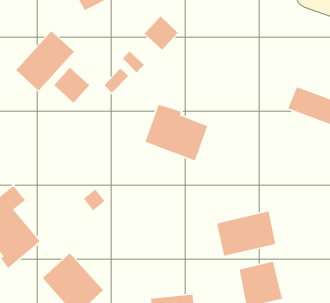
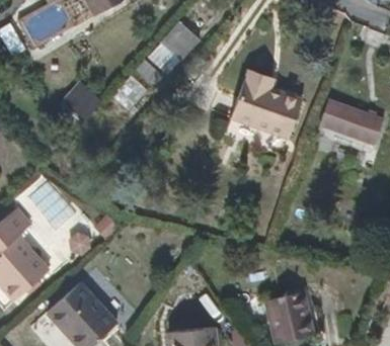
building: [16,31,75,92] -> none
building: [144,104,208,161] -> [231,75,302,139]
building: [216,210,276,256] -> none

